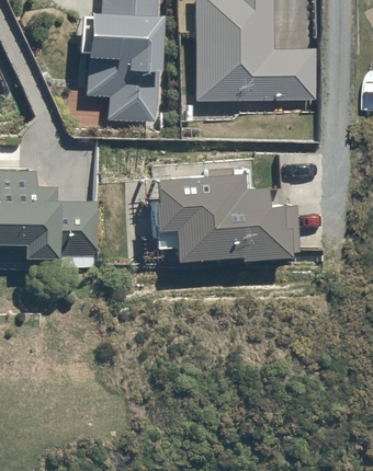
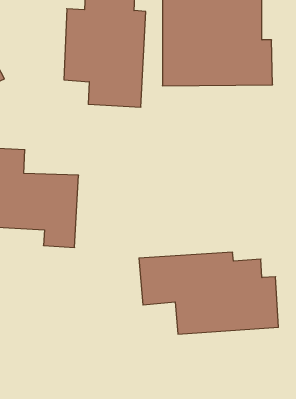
building: [137,176,294,268] -> [139,252,278,334]

